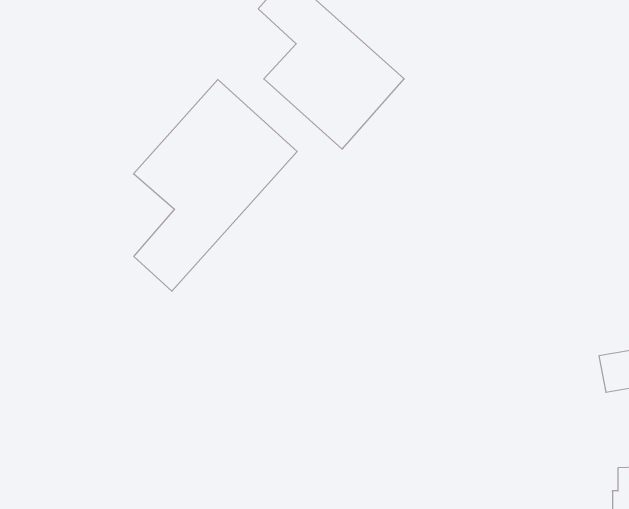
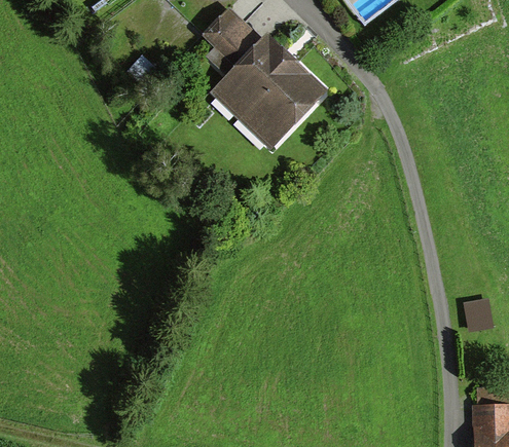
building: [133,80,297,291] -> none

